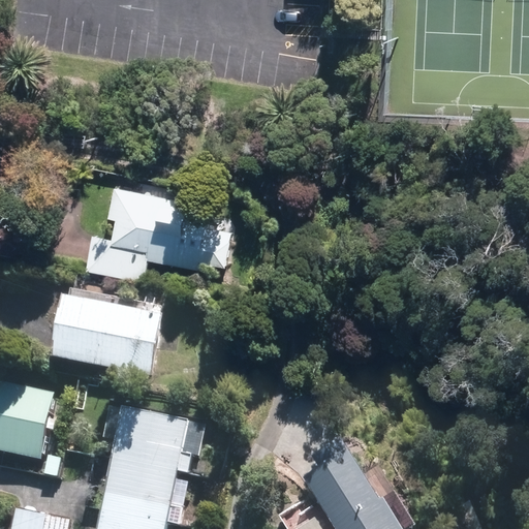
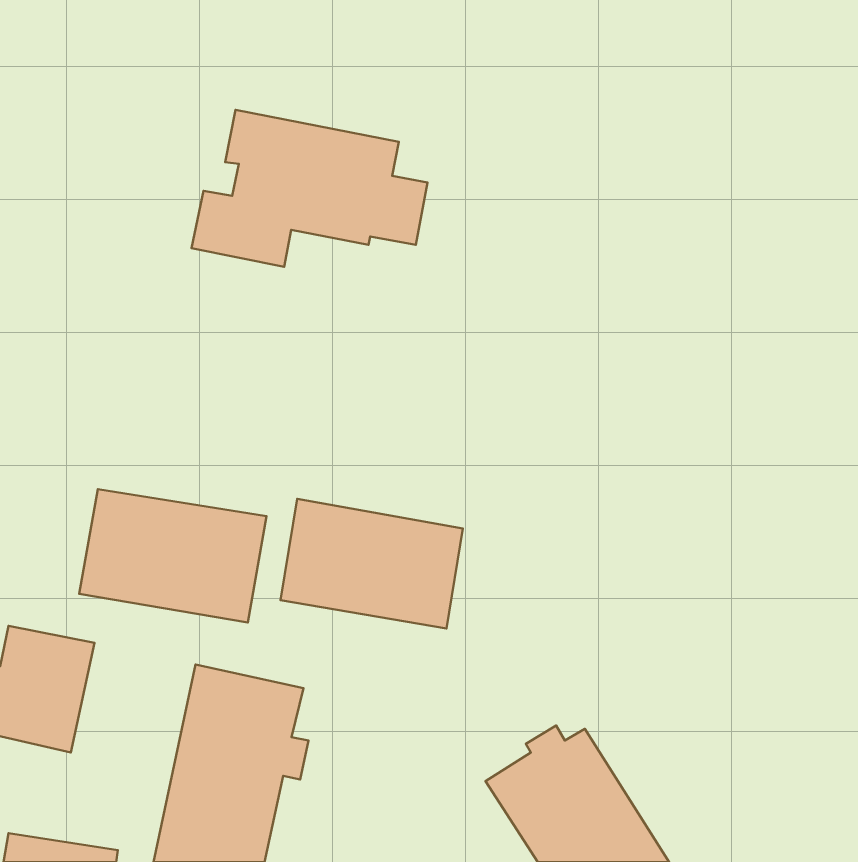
building: [88,185,232,281] -> [192,110,428,267]
building: none -> [281,499,463,628]

